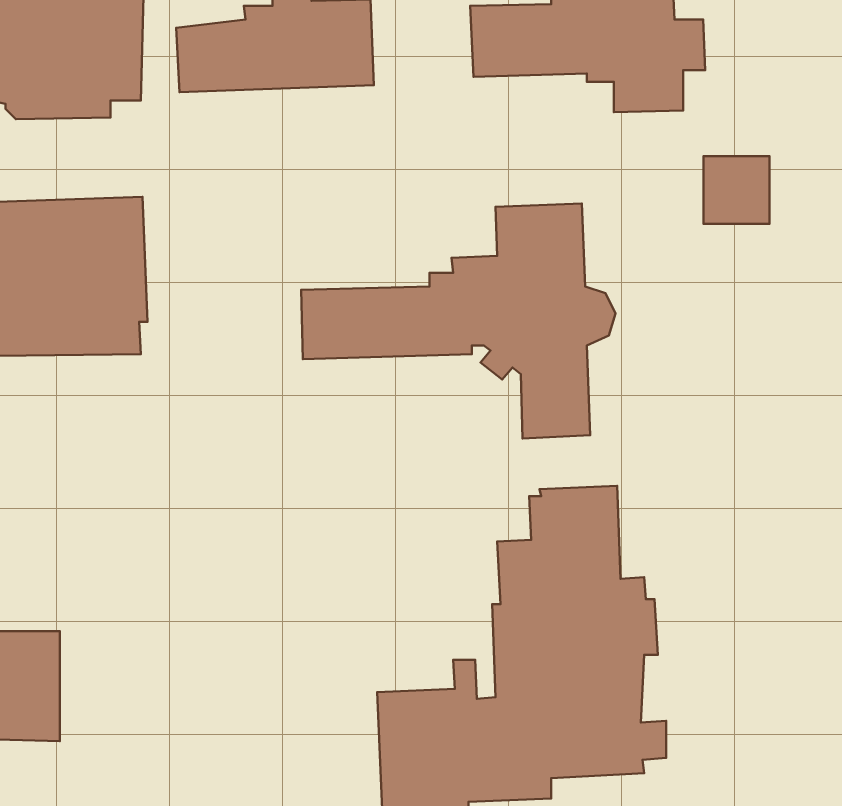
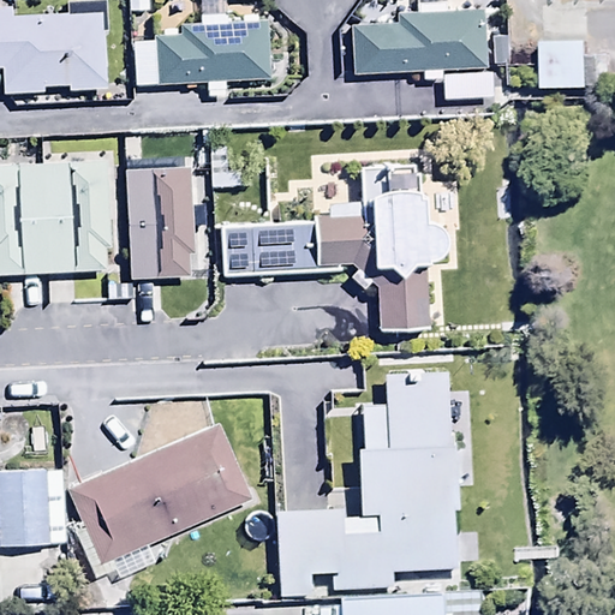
building: [704,156,769,224] -> [542,43,589,91]
building: none -> [127,167,195,279]
building: none -> [67,422,252,581]

